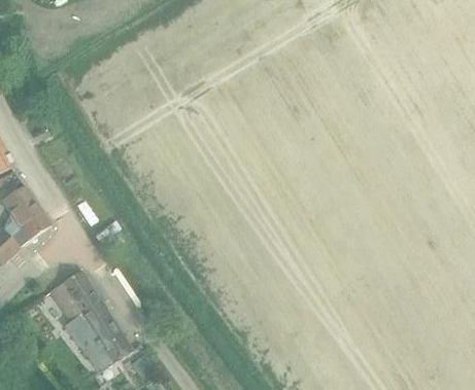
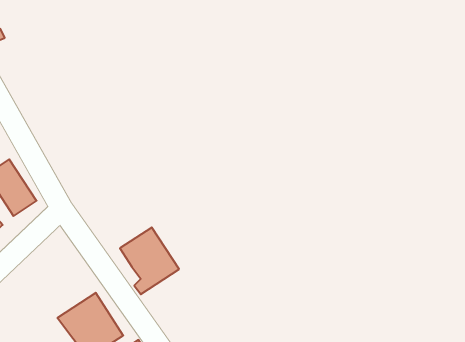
building: [49,272,105,334] -> [120,227,179,294]

